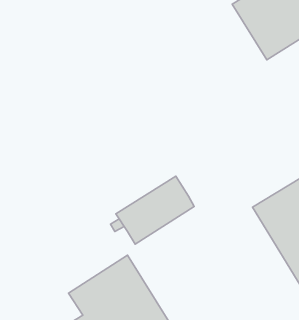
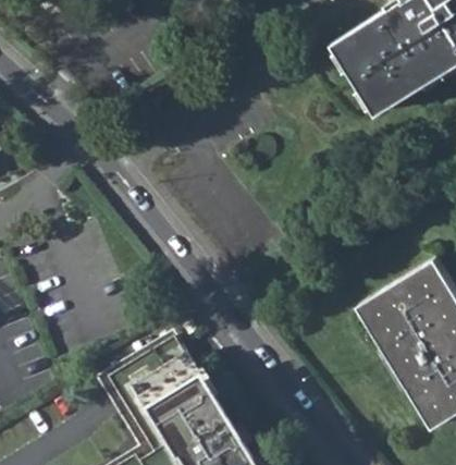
building: [116,176,194,244] -> [95,330,196,418]

